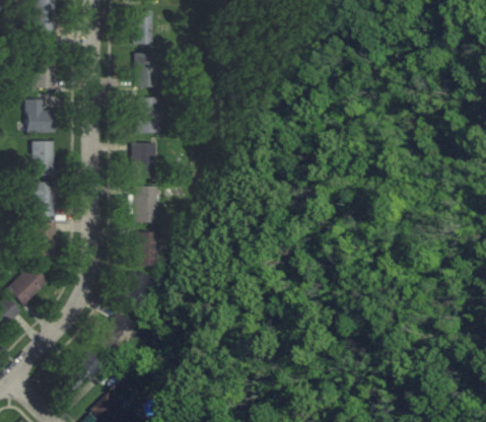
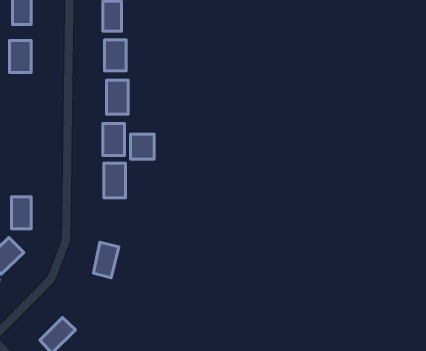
building: [27,98,57,131] -> none
building: [33,140,55,173] -> none
building: none -> [130,134,154,159]
building: [36,181,58,214] -> none
building: [137,230,160,265] -> none
building: [101,311,137,351] -> none

